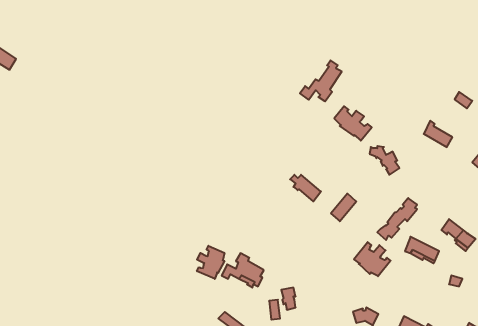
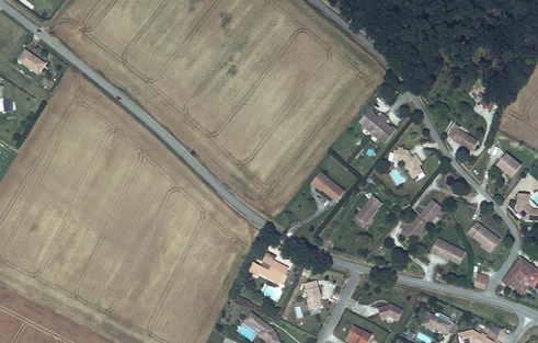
building: [300,60,341,101] -> none
building: [354,242,391,276] -> none
building: [197,246,224,279] -> none

